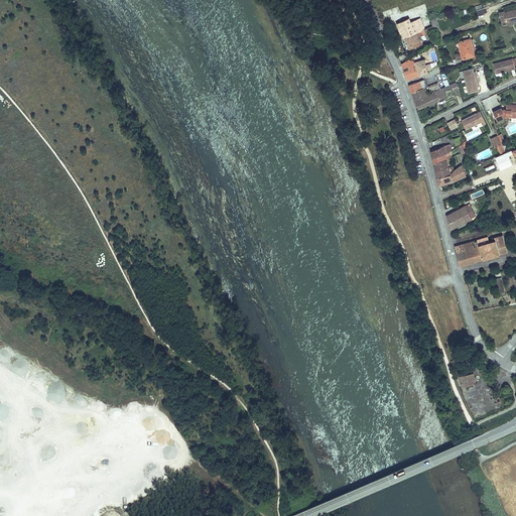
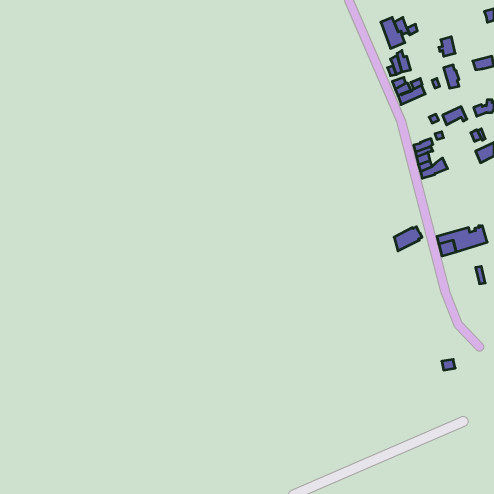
building: [445,206,475,231] -> [394,227,422,251]

